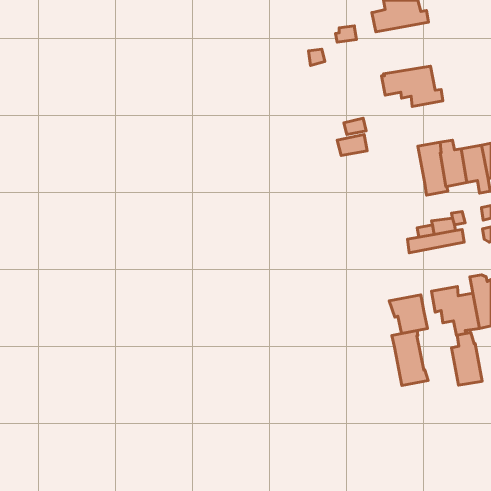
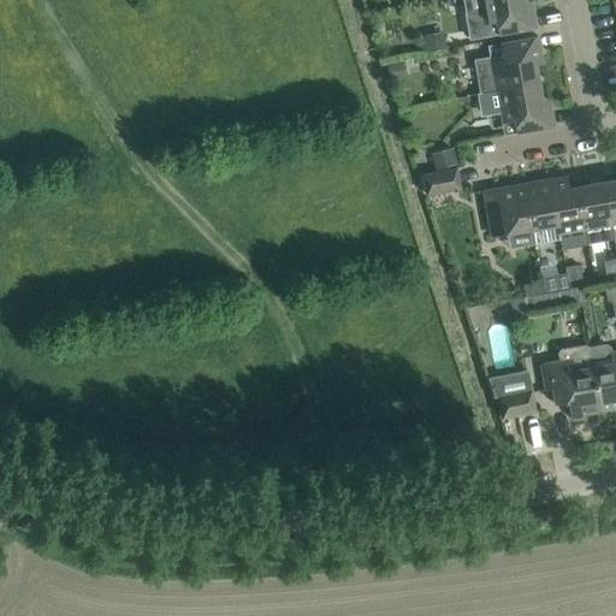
building: none -> [475,36,541,93]
building: none -> [484,183,532,237]
building: [392,331,428,386] -> none
building: [451,332,482,385] -> none

